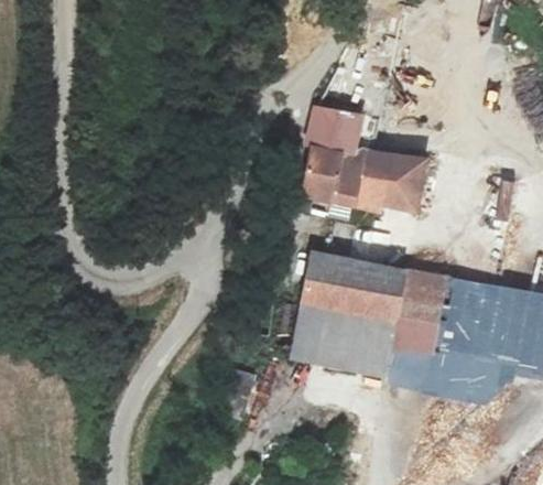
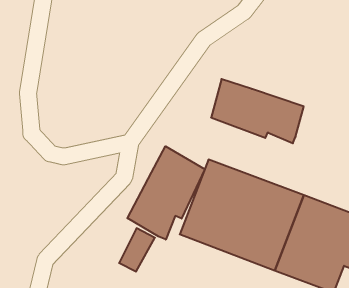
building: [311,106,360,149] -> none
building: none -> [127,146,205,240]

